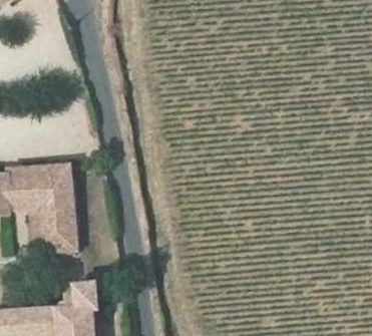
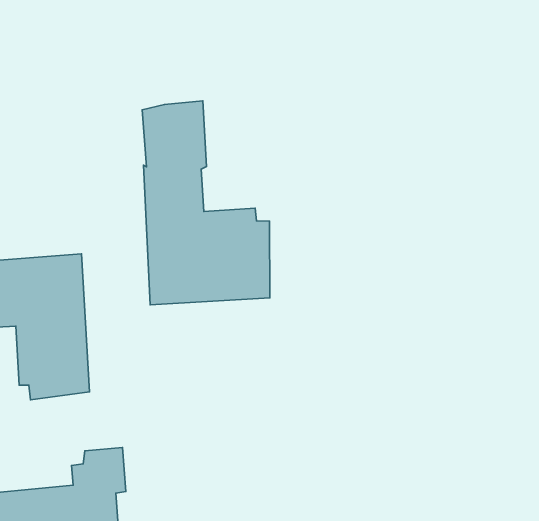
building: none -> [142,101,270,305]

